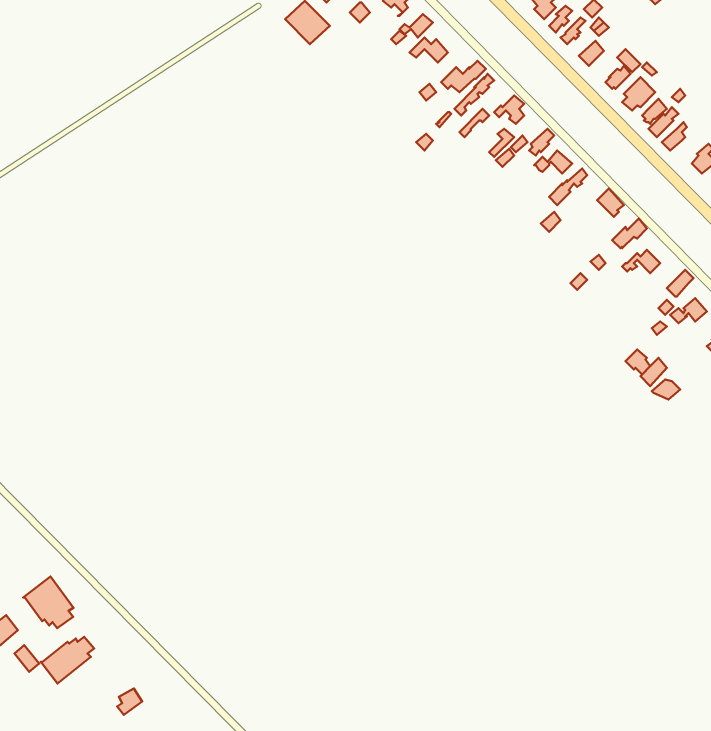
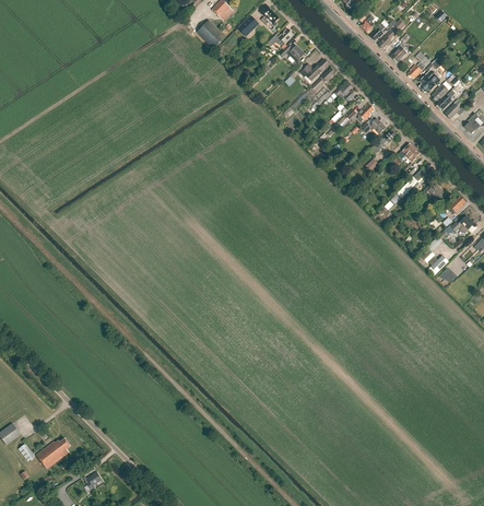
building: [23,576,73,628] -> none

